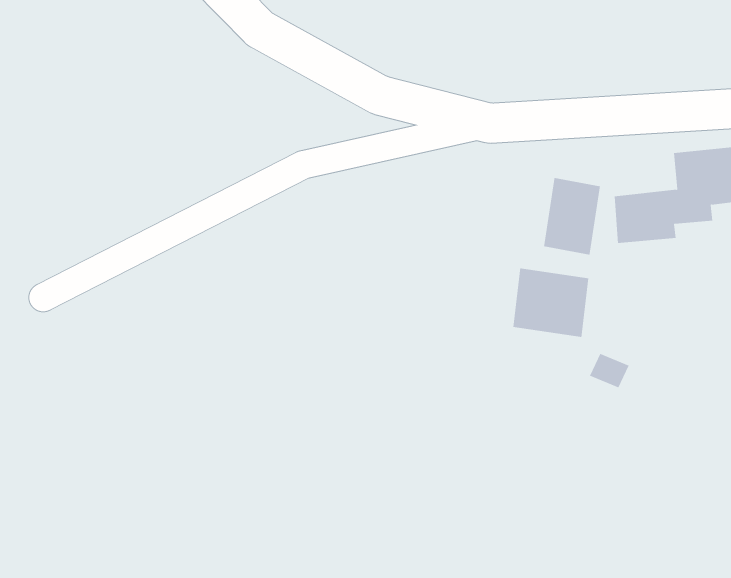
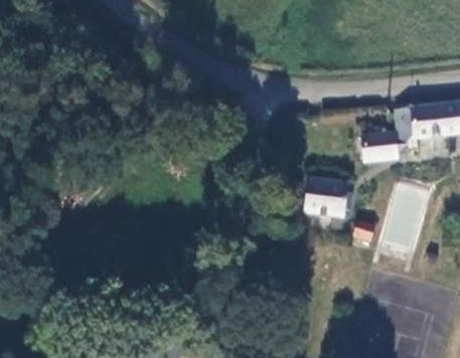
building: [544,177,600,256] -> none

